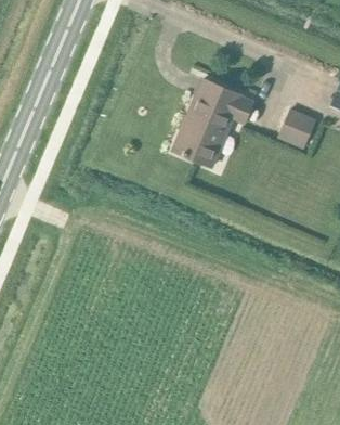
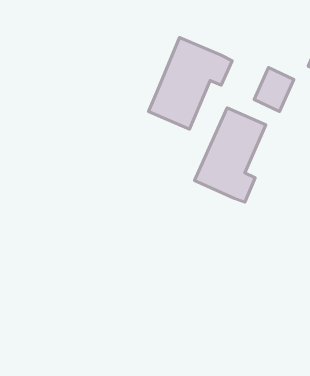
building: none -> [194,108,266,202]

